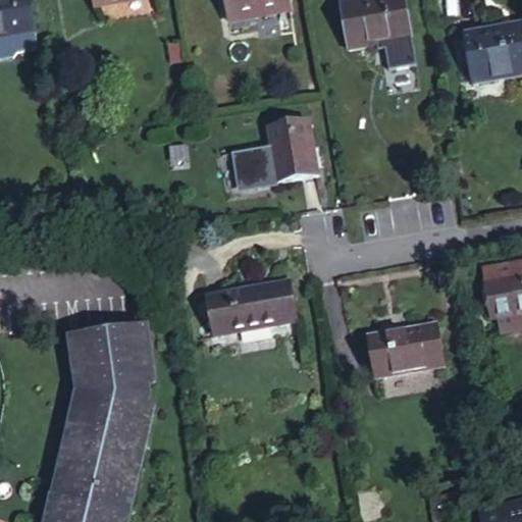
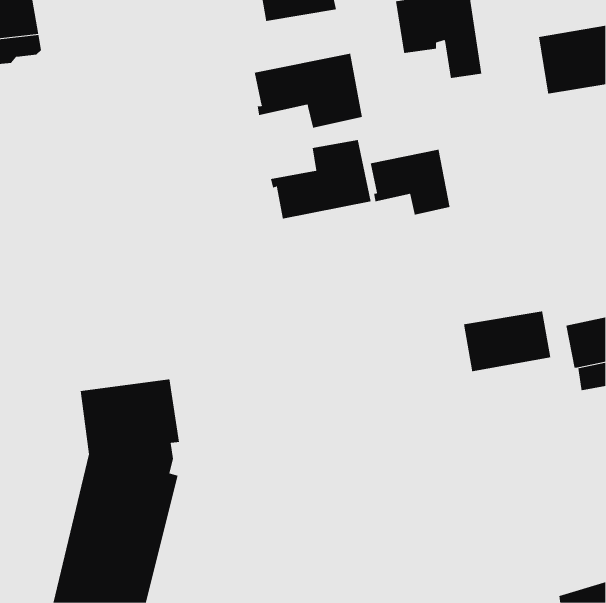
building: none -> [254,53,362,128]
building: none -> [370,149,450,215]
building: [205,279,295,333] -> none
building: [367,323,442,375] -> [463,311,551,372]

